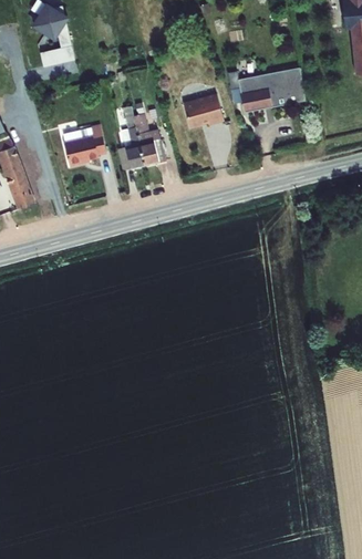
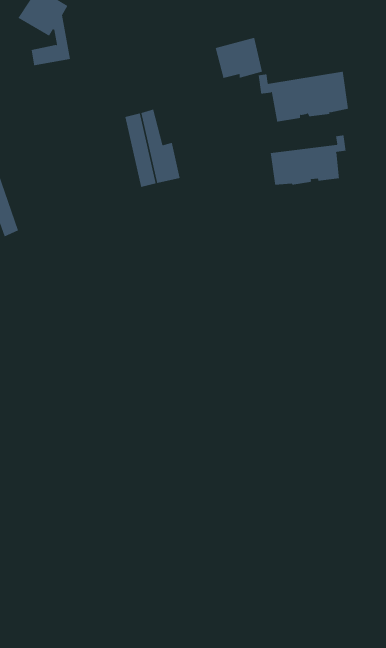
building: [183,94,223,128] -> [215,37,263,79]
building: none -> [270,135,346,186]
building: [62,124,106,164] -> none

